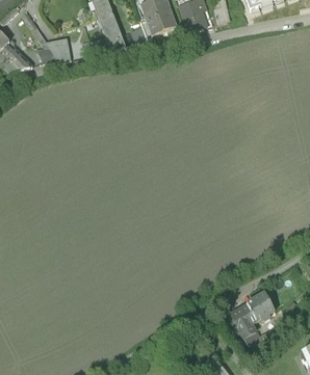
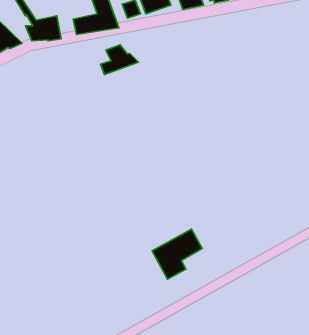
building: none -> [101,45,139,74]
building: [230,287,278,334] -> [152,229,202,279]

